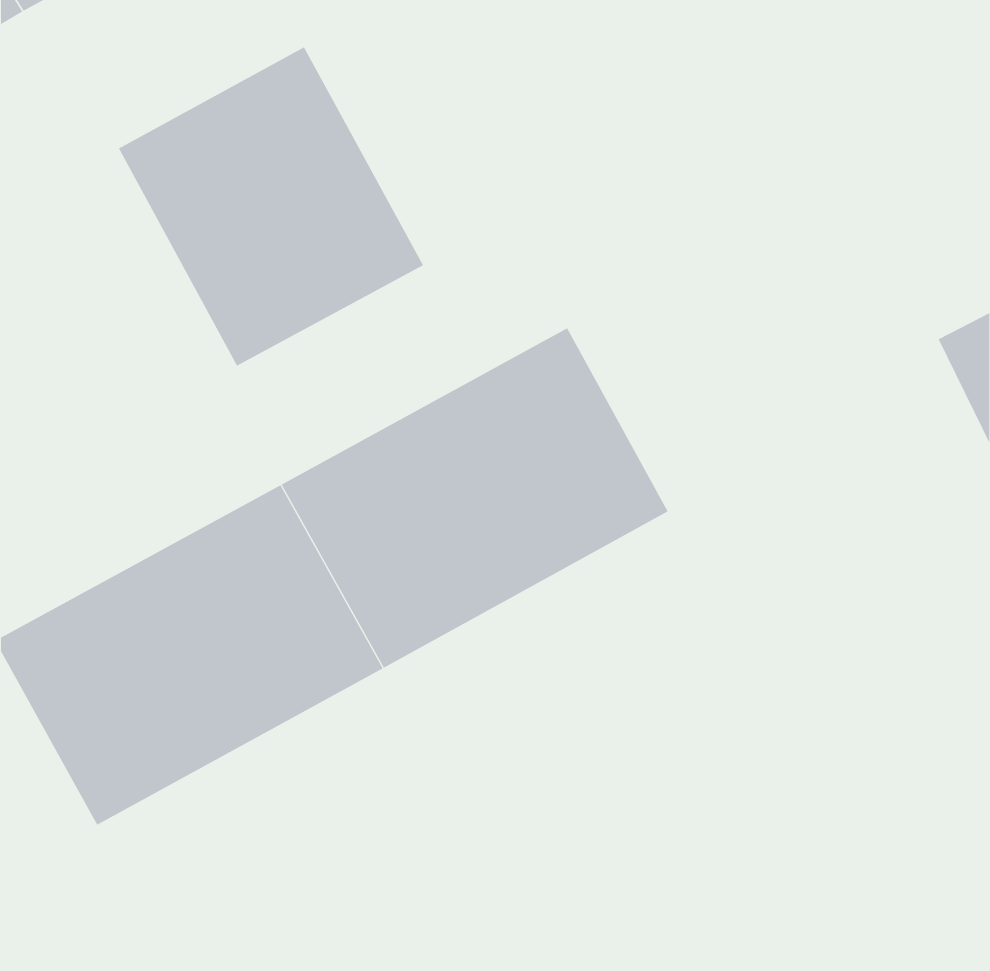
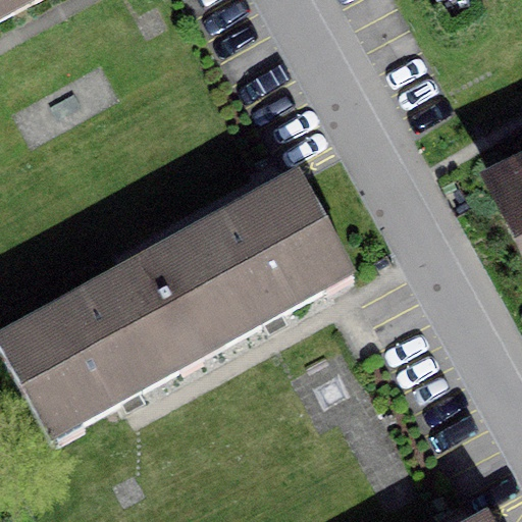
building: [118,47,424,367] -> none

